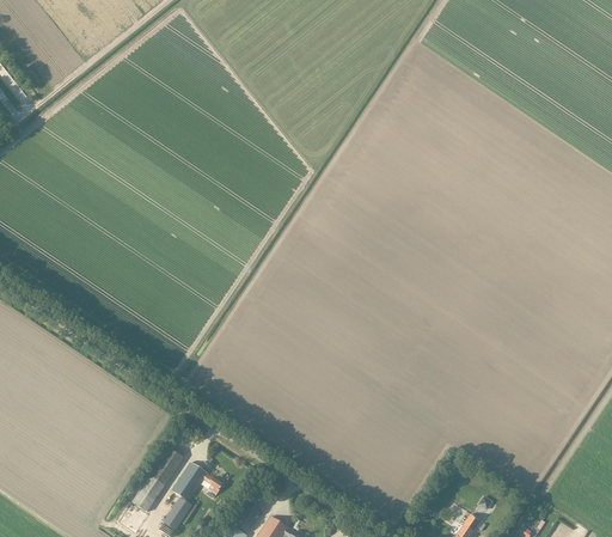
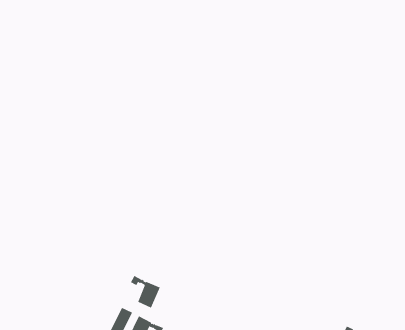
building: none -> [130,275,160,308]

